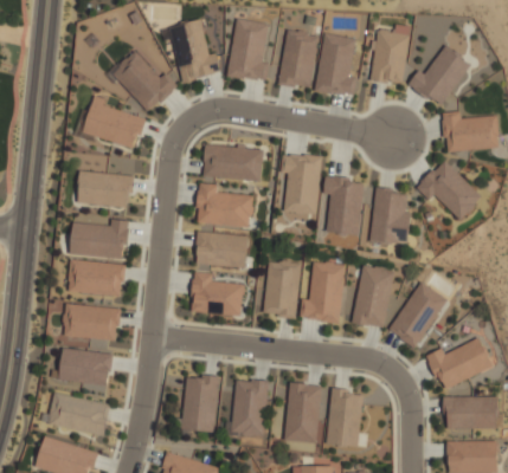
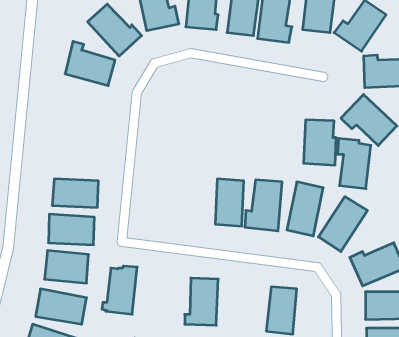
building: [202,145,262,180] -> none
building: [281,153,321,214] -> none
building: [78,171,133,206] -> none
building: [323,175,364,235] -> [338,138,371,189]
building: [197,183,251,226] -> none
building: [70,219,128,258] -> none
building: [195,232,247,267] -> none
building: [191,271,244,316] -> none
building: [178,375,220,433] -> [102,266,137,314]
building: [285,383,322,442] -> none

